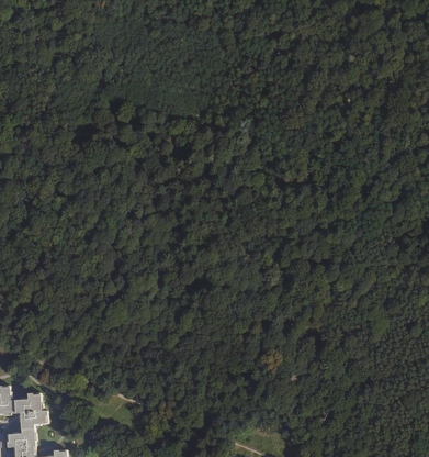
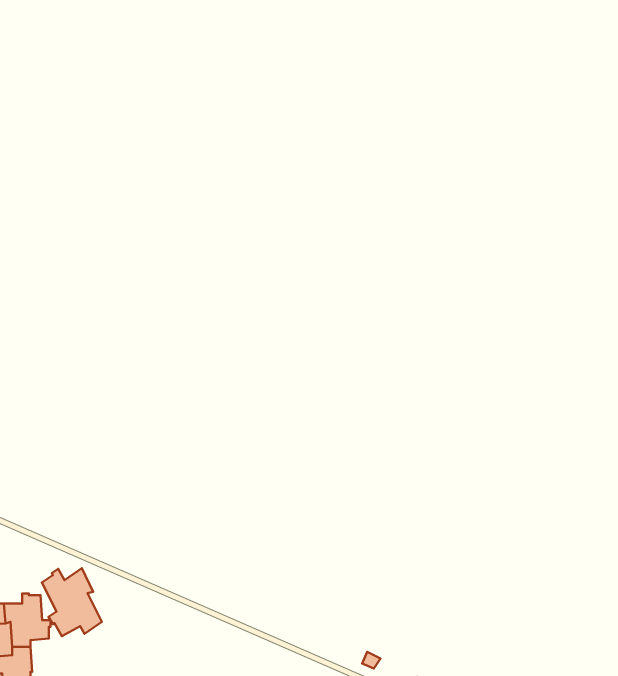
building: none -> [42,568,102,636]

